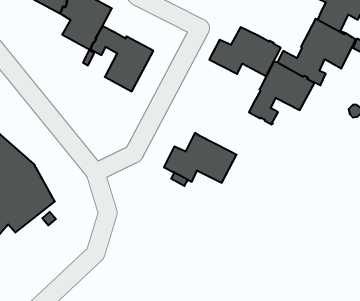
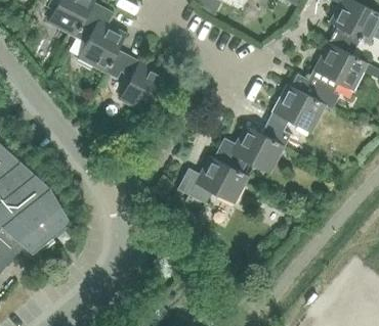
building: [209,27,281,76] -> [213,127,284,175]

